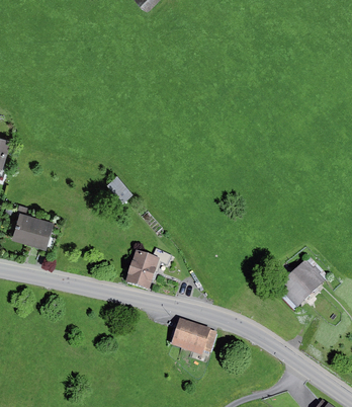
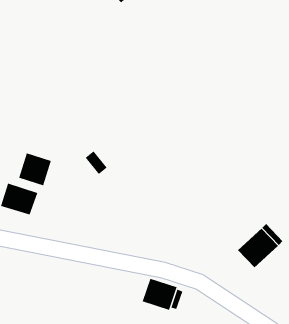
building: none -> [19,153,52,186]
building: [125,252,171,292] -> none

